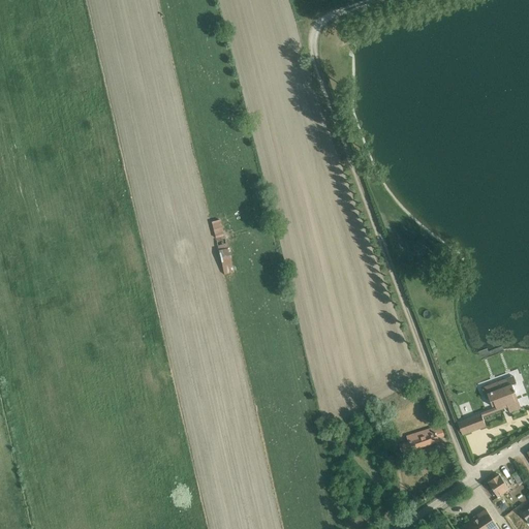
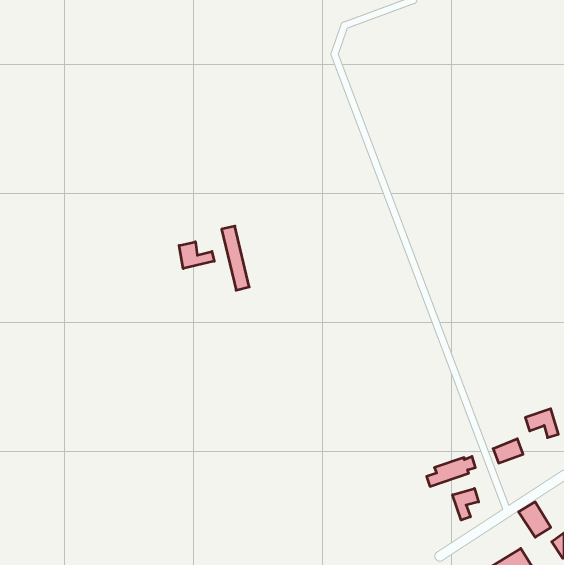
building: none -> [179,242,214,269]
building: none -> [453,488,479,520]

